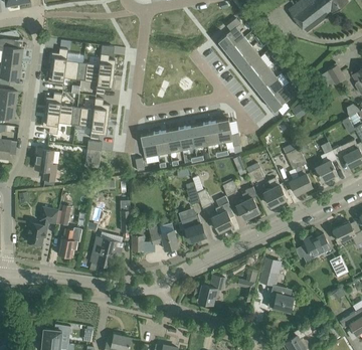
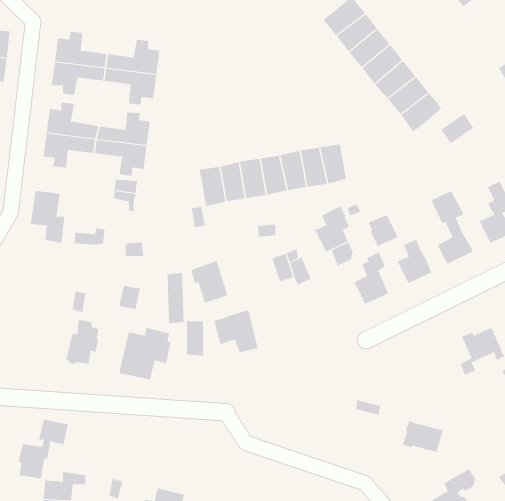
building: [211,202,233,231] -> [315,206,350,252]
building: [26,207,58,244] -> [17,419,69,479]
building: [181,214,204,241] -> [191,260,228,303]
building: [258,257,280,286] -> none
building: [195,276,224,304] -> none

